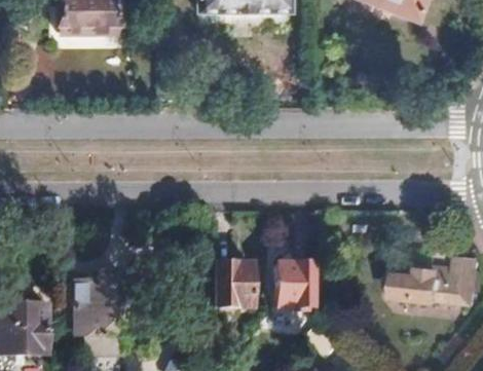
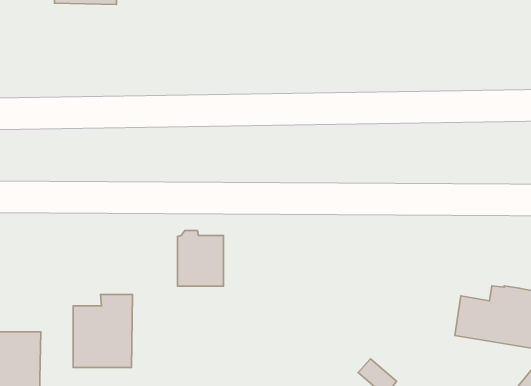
building: [216,260,254,306] -> [178,230,223,286]
building: [277,260,313,311] -> none

